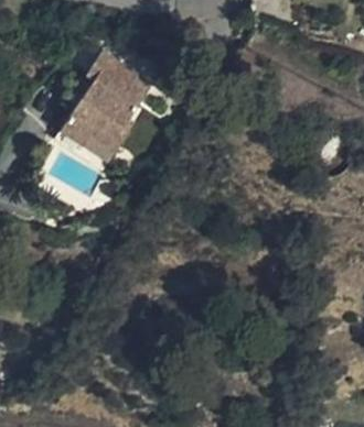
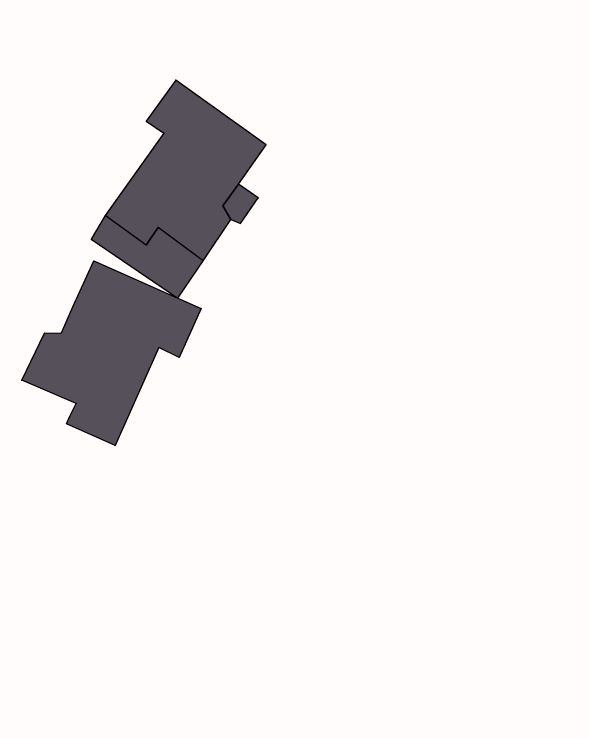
building: none -> [22,261,201,446]

